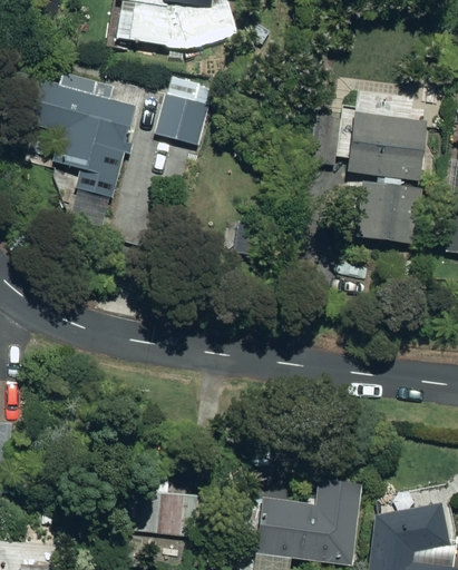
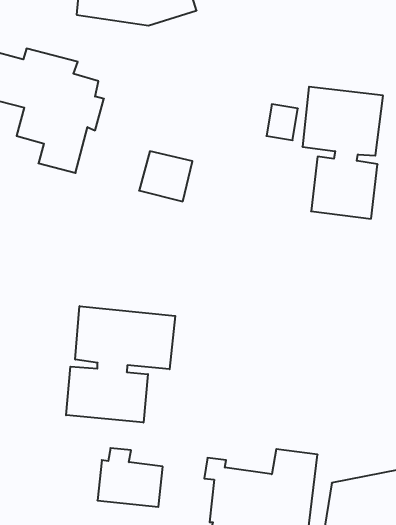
building: [156,94,211,145] -> [139,151,192,201]
building: none -> [66,306,175,423]

